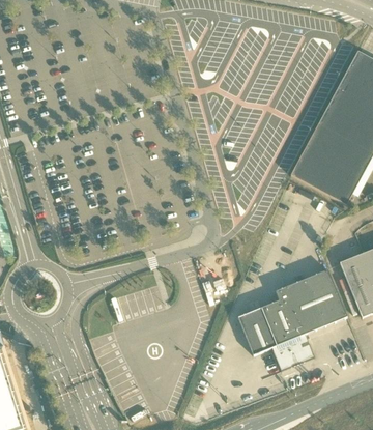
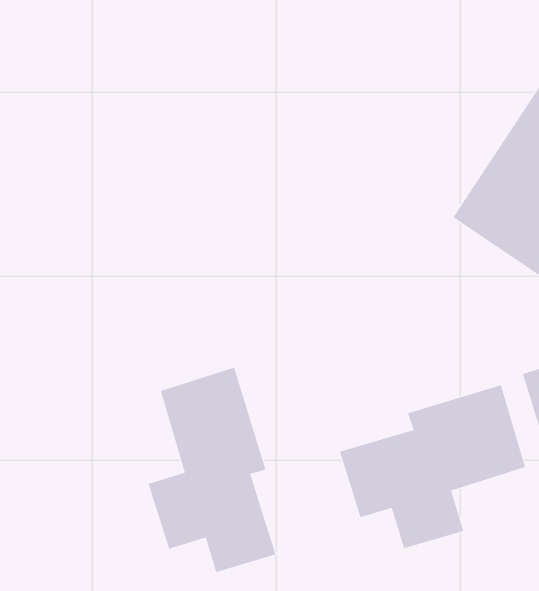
building: none -> [148,367,276,573]

